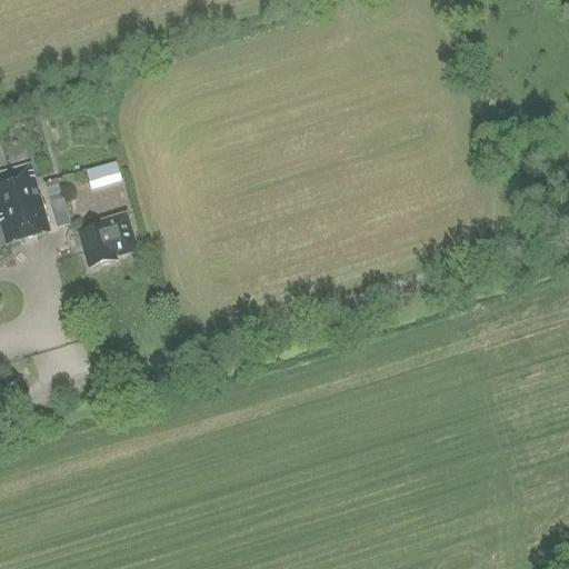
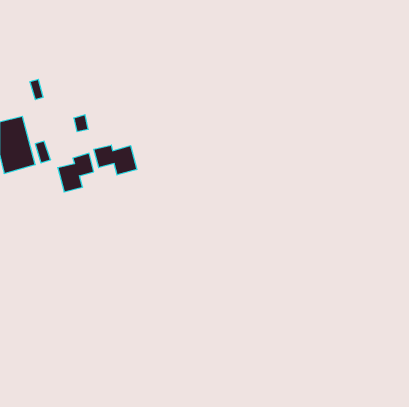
building: none -> [94,145,137,175]

